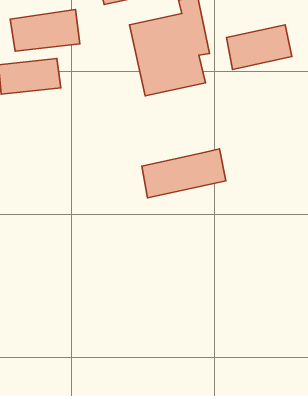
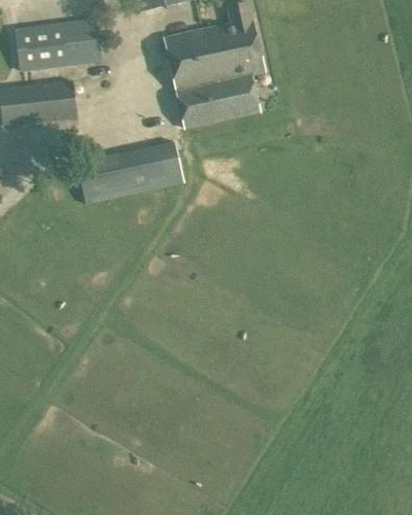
building: [226,25,292,69] -> none
building: [142,149,226,198] -> [76,138,182,200]

